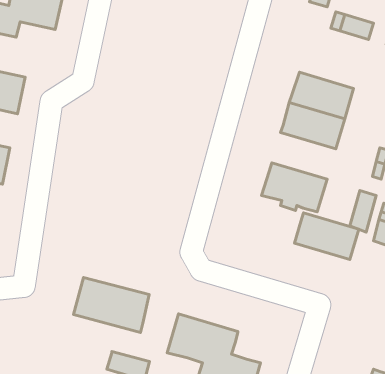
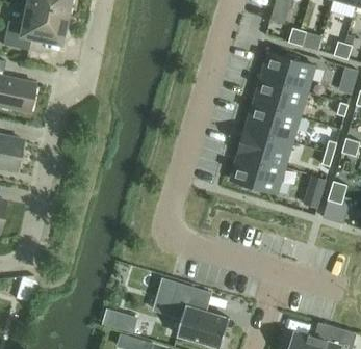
building: none -> [262,53,314,92]
building: [295,213,359,259] -> [239,129,292,167]
building: [74,278,149,332] -> none

